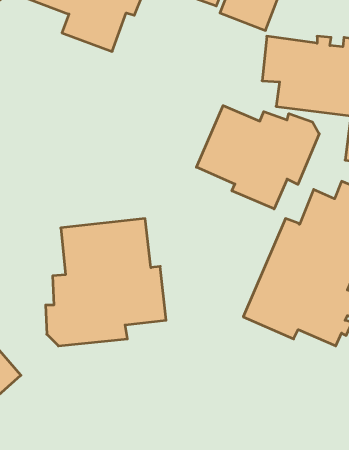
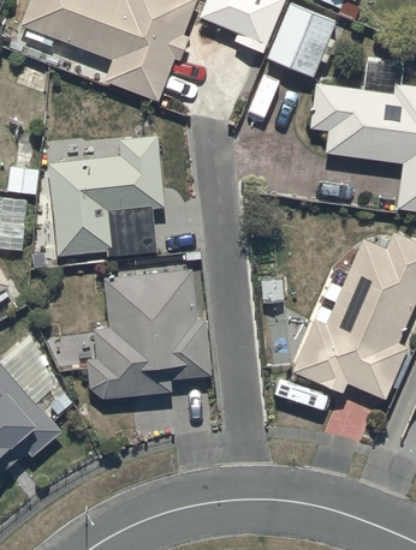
building: none -> [48,136,165,257]
building: [196,106,319,209] -> none

